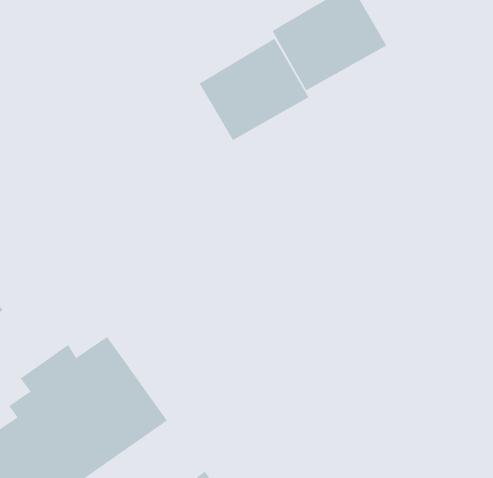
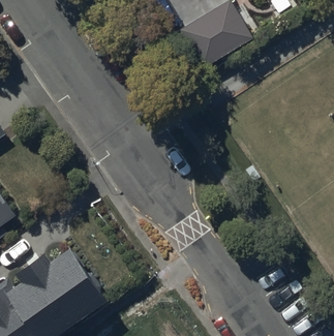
building: [199,38,309,141] -> none

